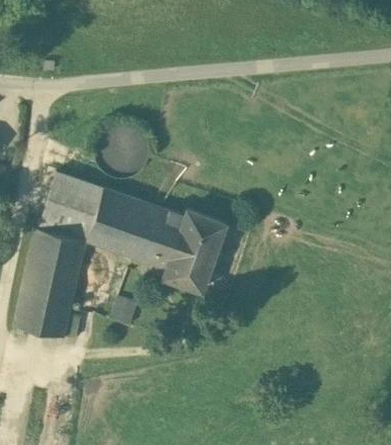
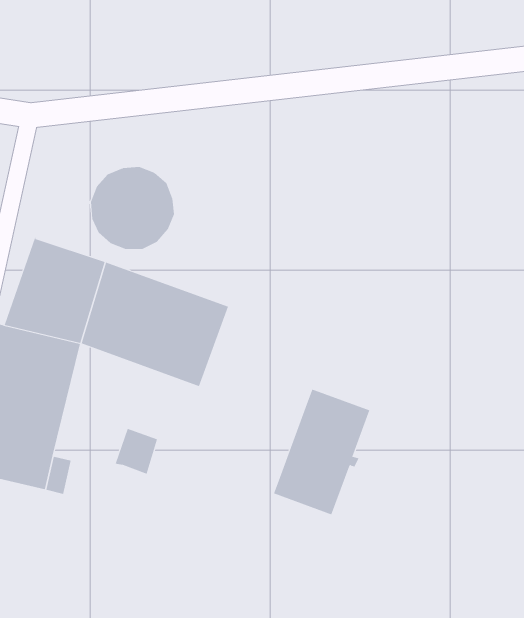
building: [163,209,227,292] -> [273,389,370,515]

